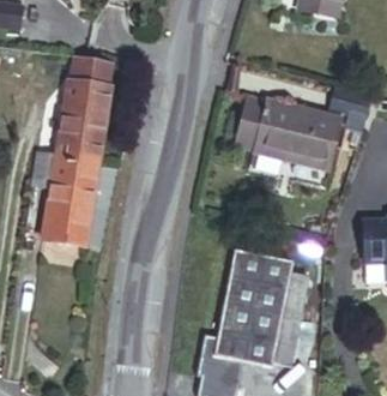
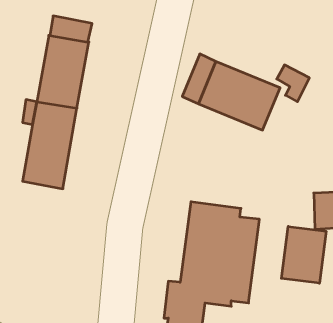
building: none -> [281,226,326,283]

